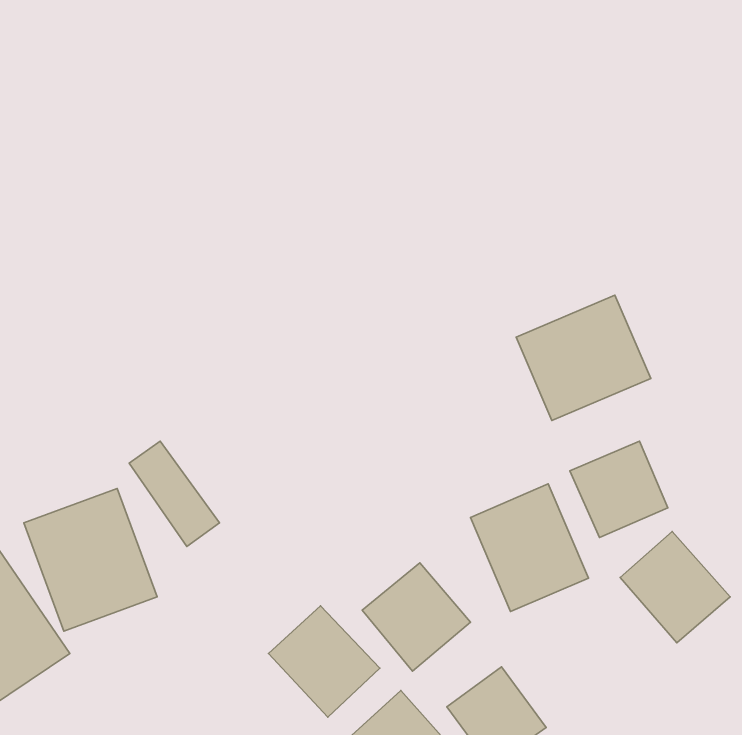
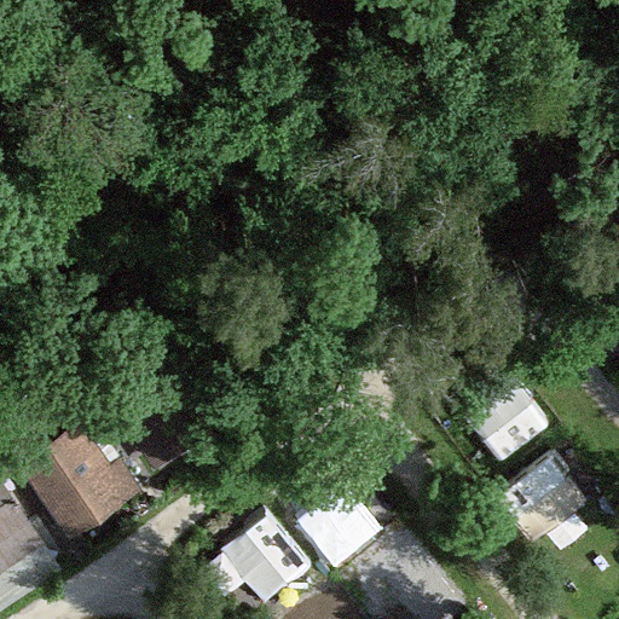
building: [516,295,651,421] -> none
building: [470,484,588,612] -> none

